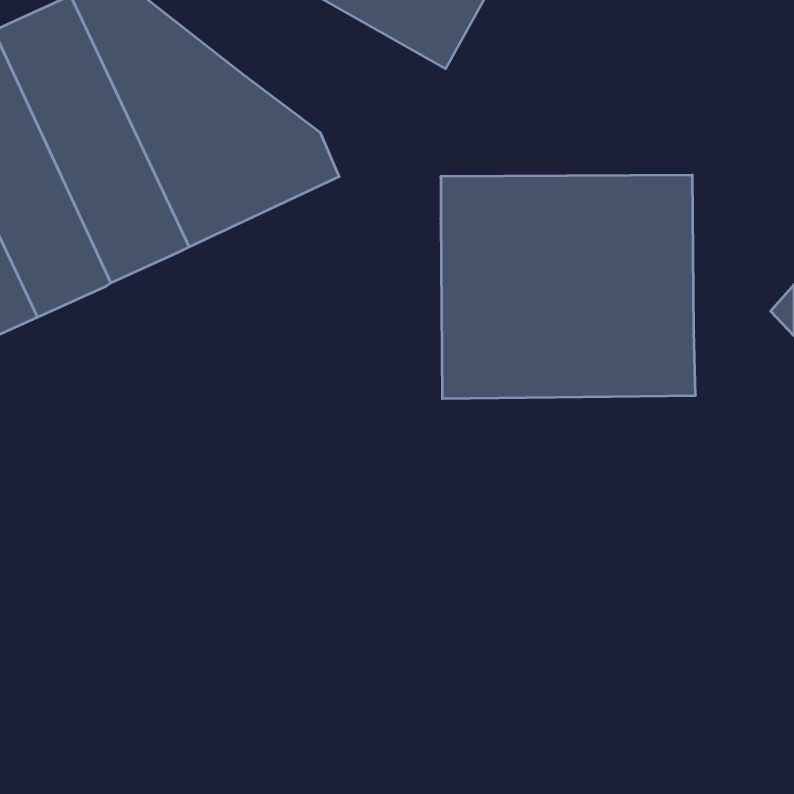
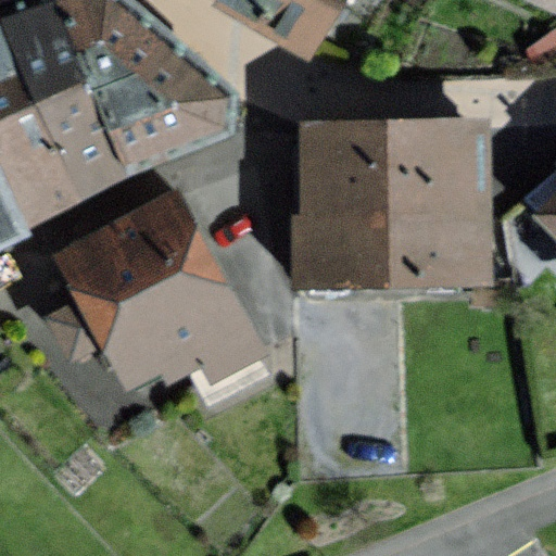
building: none -> [52,190,262,395]

